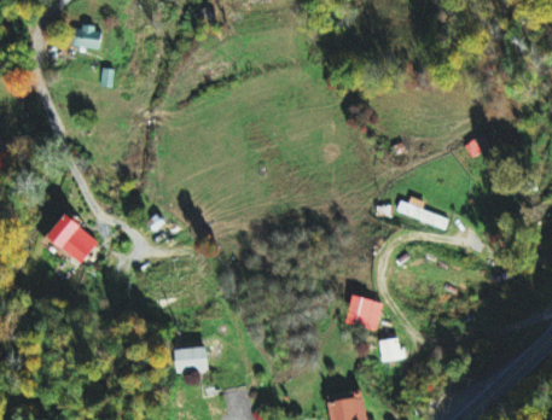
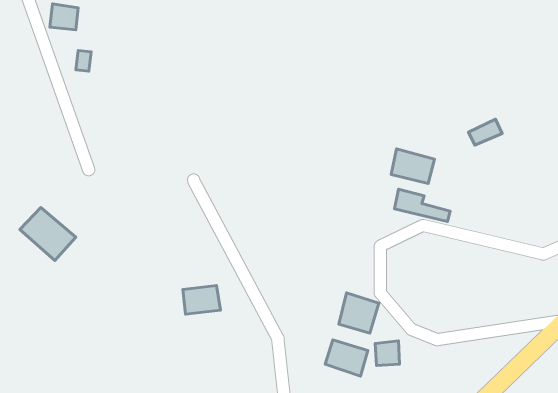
building: none -> [391,149,435,183]
building: none -> [325,340,368,376]
building: [173,348,208,374] -> [183,286,221,314]

